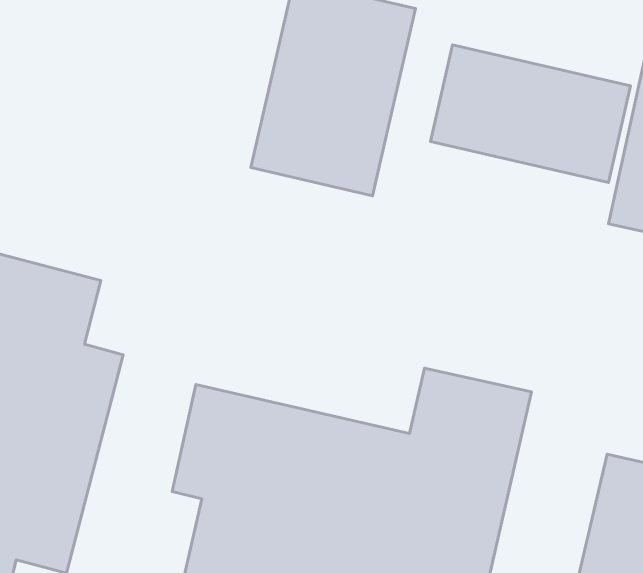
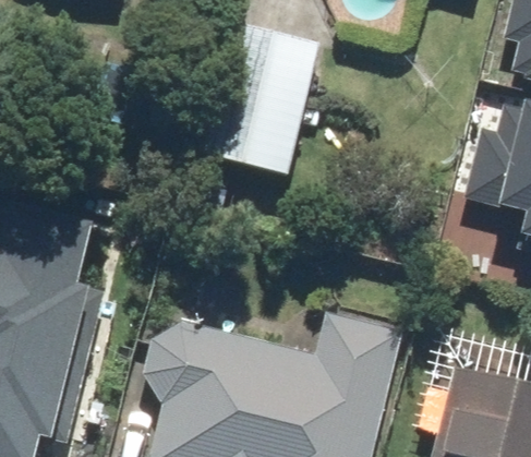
building: [430,45,631,183] -> none

